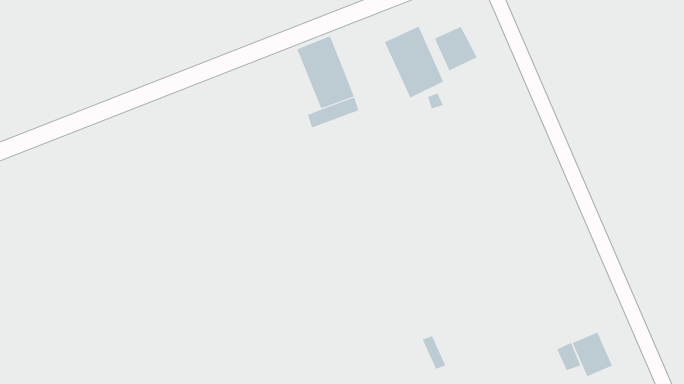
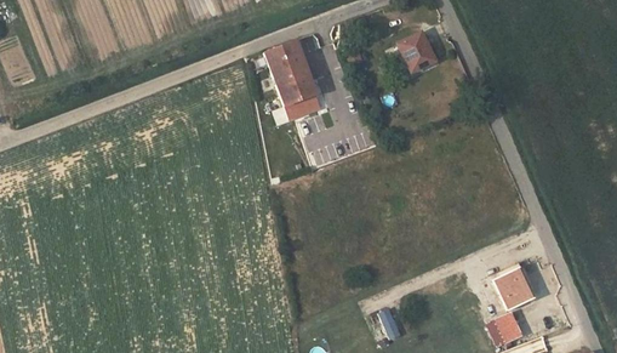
building: [384,26,444,99] -> none
building: [572,332,613,377] -> [493,267,530,307]

